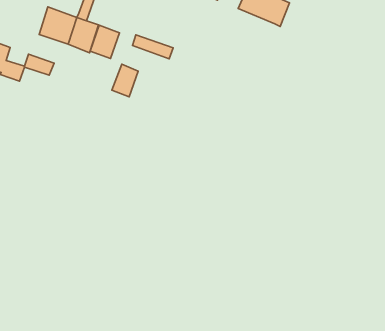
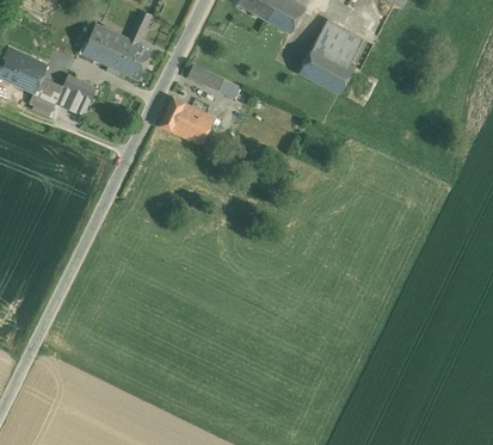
building: none -> [300,44,355,94]
building: [90,25,120,59] -> [179,106,215,146]

